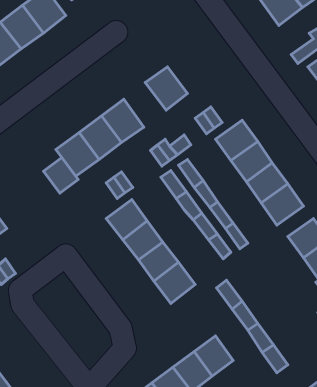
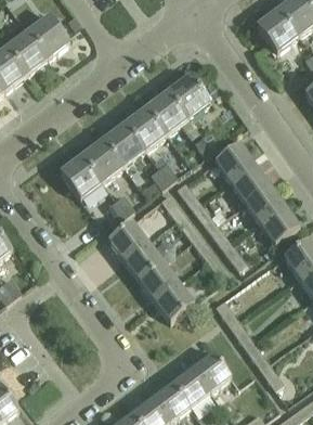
building: none -> [167,75,209,117]
building: none -> [125,106,166,150]
building: [43,157,78,193] -> none

